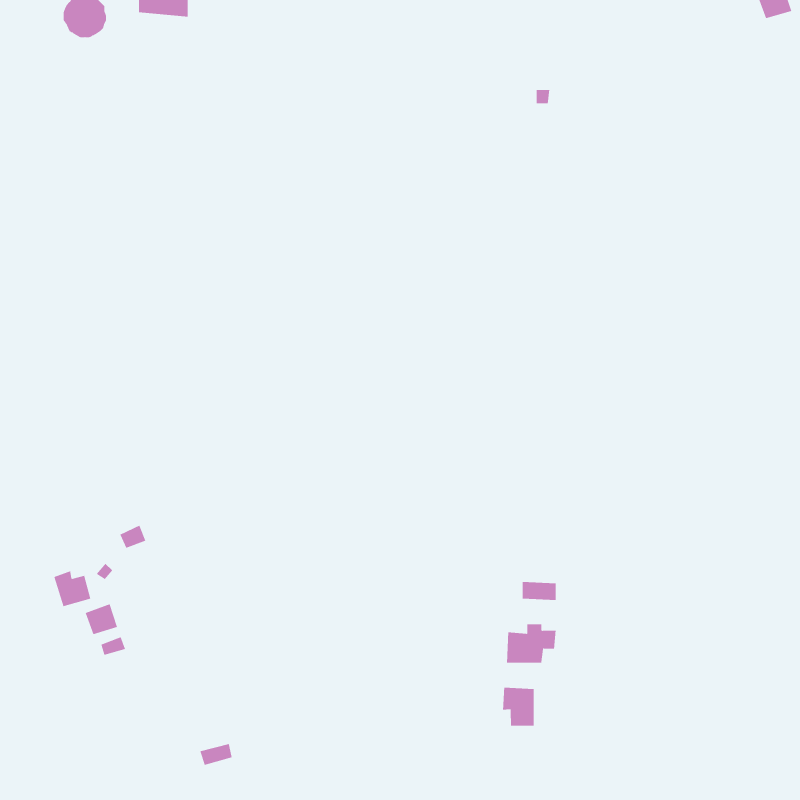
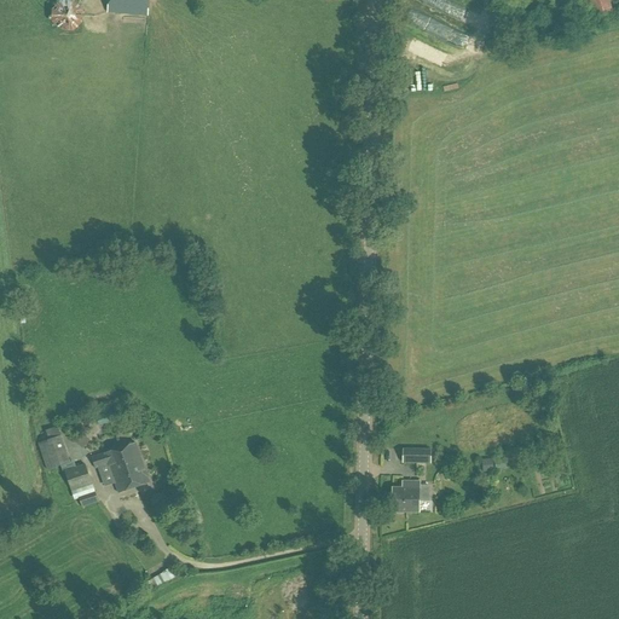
building: none -> [91,440,147,491]
building: [502,687,534,727] -> none

